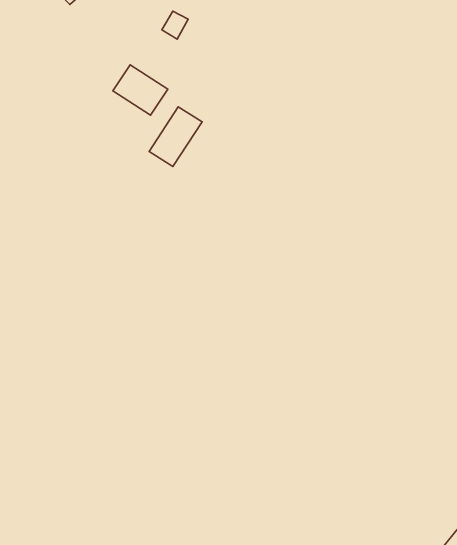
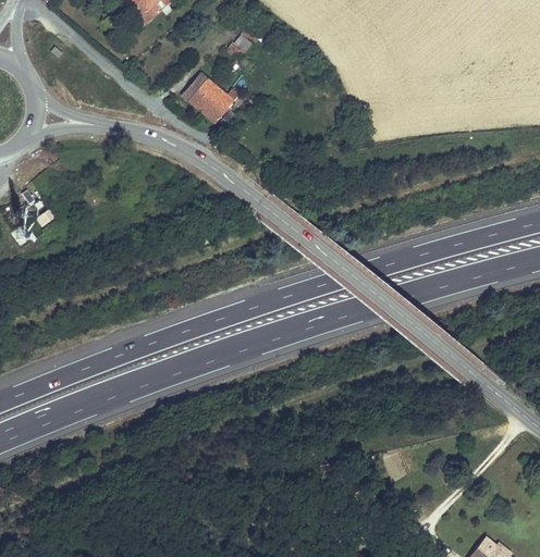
building: [149,107,202,166] -> none

